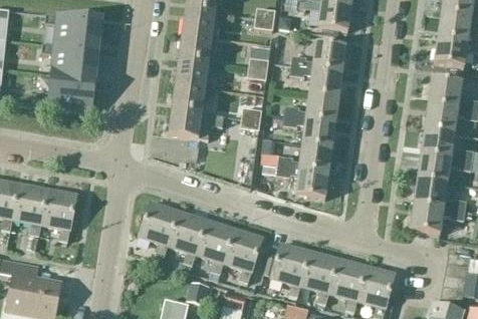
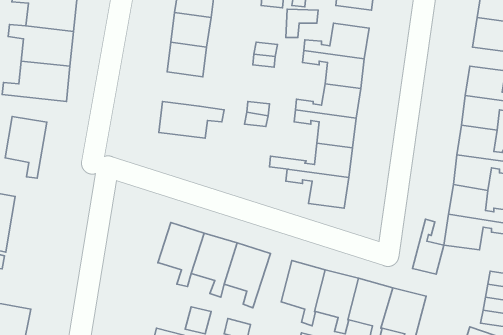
building: [172,83,206,112] -> none
building: [41,189,76,241] -> [5,116,47,178]
building: [140,202,179,257] -> none
building: none -> [413,219,444,274]

